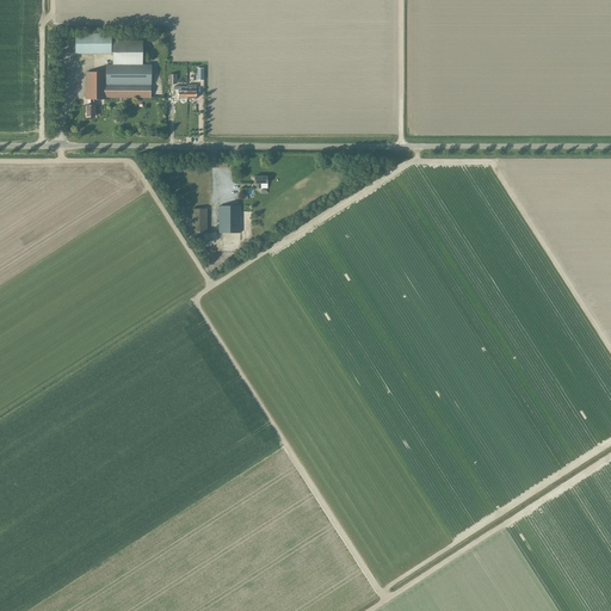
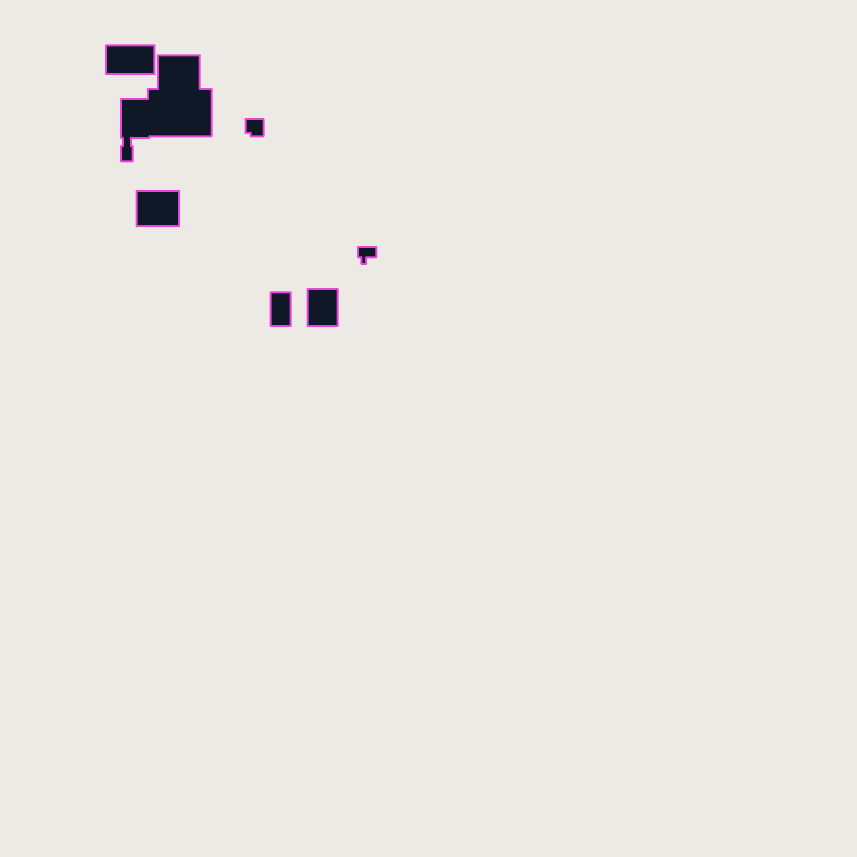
building: none -> [137,191,179,226]

